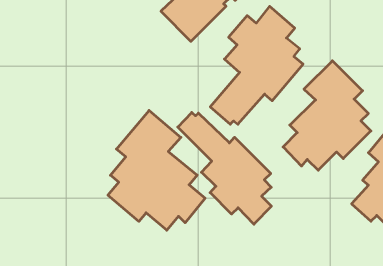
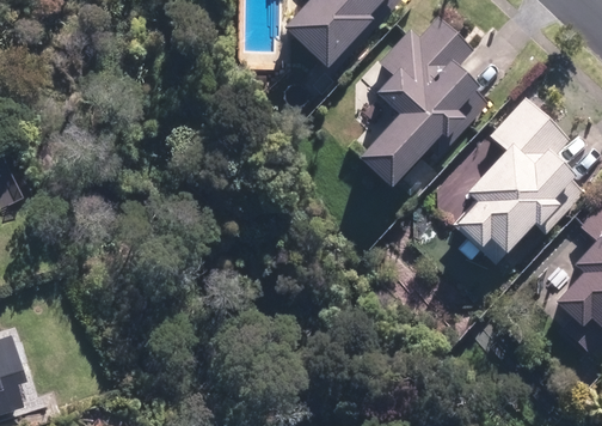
building: [108,110,205,230] -> none
building: [178,112,271,224] -> none

